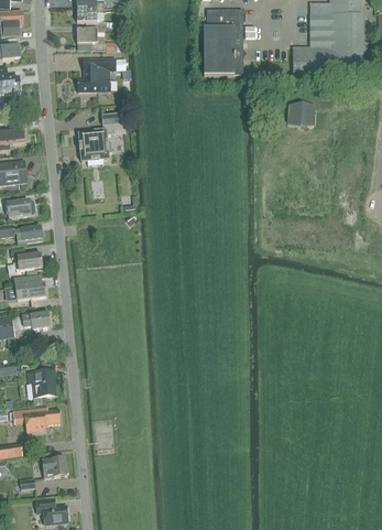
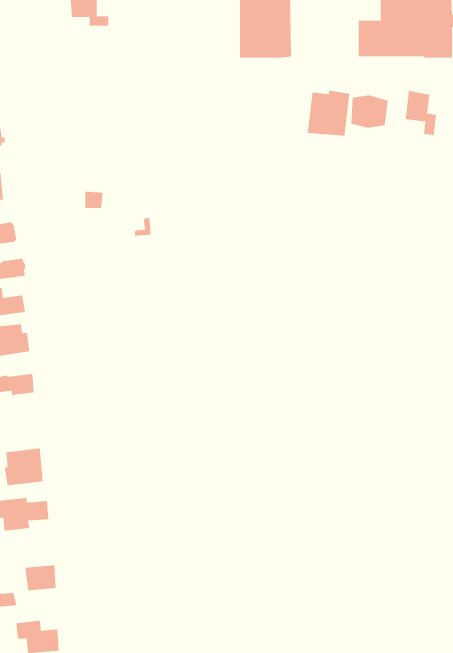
building: [77,57,116,90] -> none
building: none -> [307,90,350,136]
building: none -> [405,90,437,136]
building: [78,111,122,160] -> none

